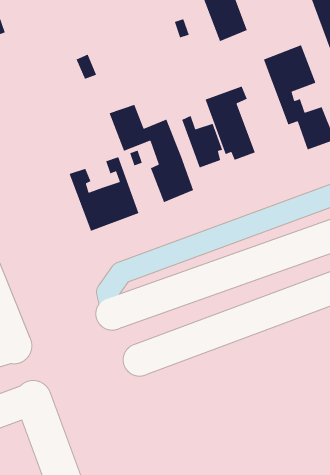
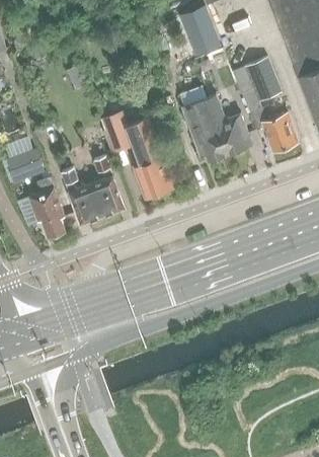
building: [181,115,223,169] -> [212,106,249,154]
building: none -> [8,148,45,180]
building: none -> [29,176,66,236]

